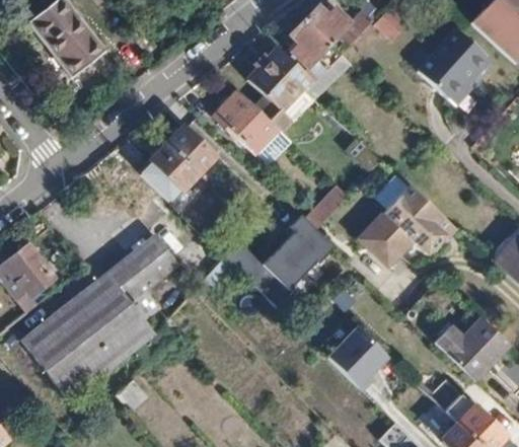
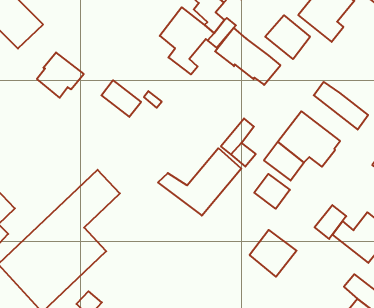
building: none -> [265,15,310,59]
building: [215,90,293,163] -> [215,28,280,85]
building: [142,143,200,199] -> [37,52,84,98]
building: none -> [314,82,368,130]
building: none -> [254,174,290,209]
building: none -> [315,205,346,239]

